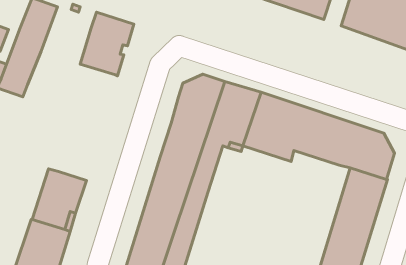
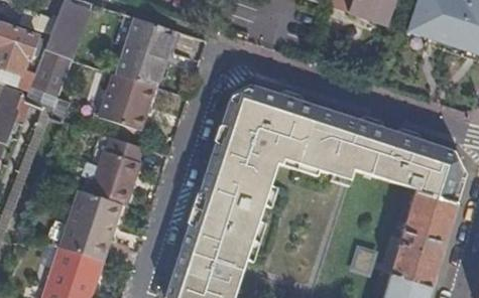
building: none -> [100,73,155,131]
building: none -> [92,137,143,204]

